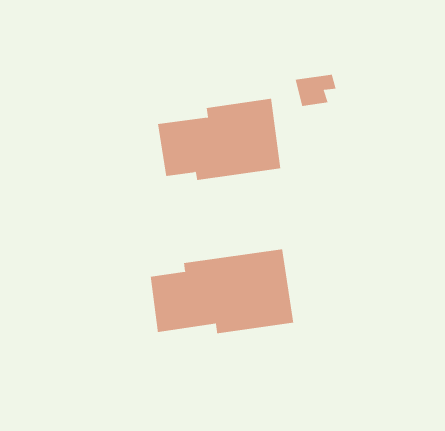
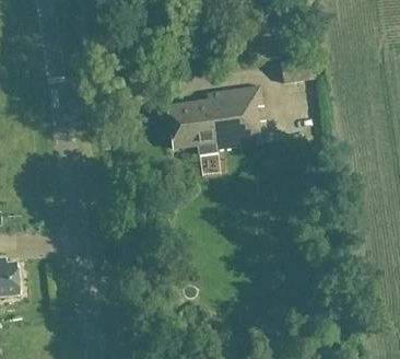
building: [150,248,294,334] -> none

